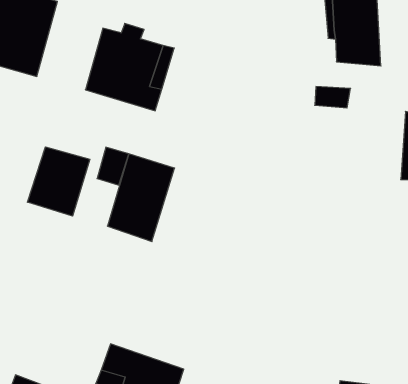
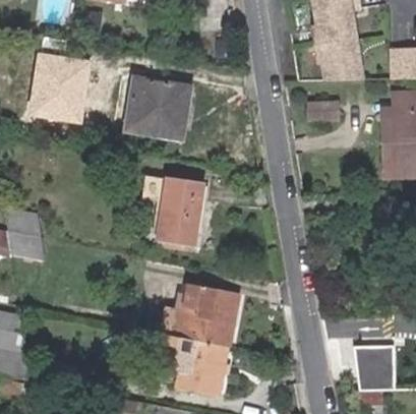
building: [27,147,90,216] -> none
building: none -> [166,286,242,348]

